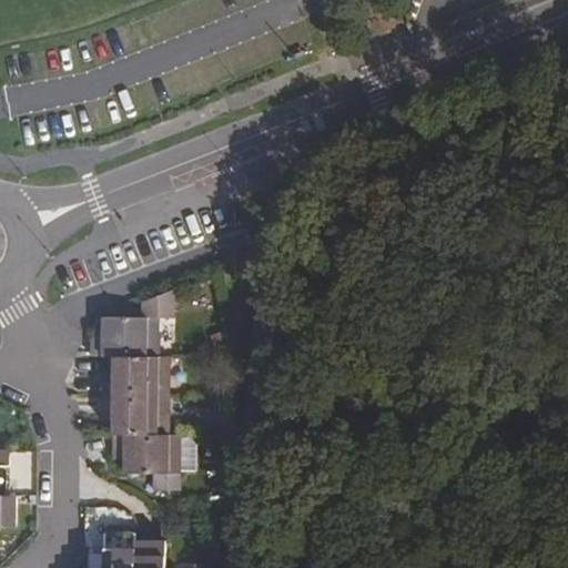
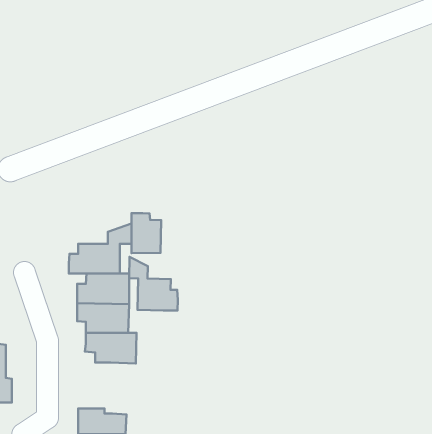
building: none -> [132,213,161,253]
building: none -> [129,257,178,311]

